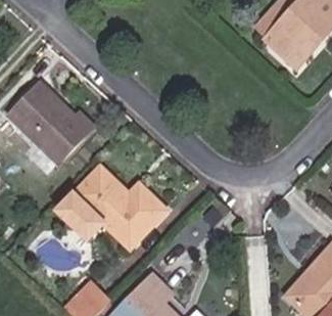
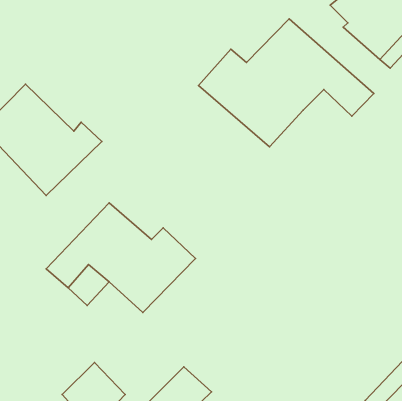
building: none -> [199,19,374,147]

